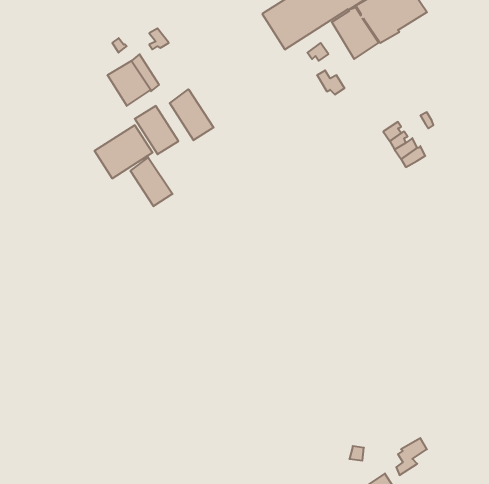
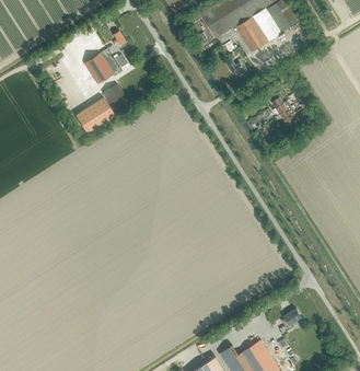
building: [170,89,214,140] -> none
building: [131,157,173,206] -> none

